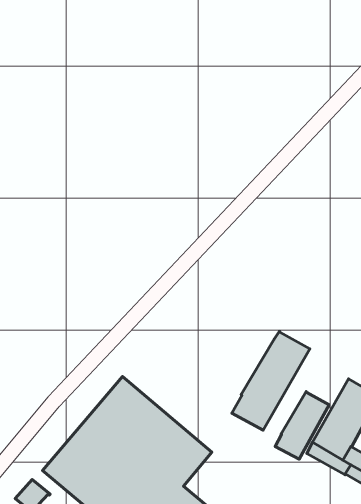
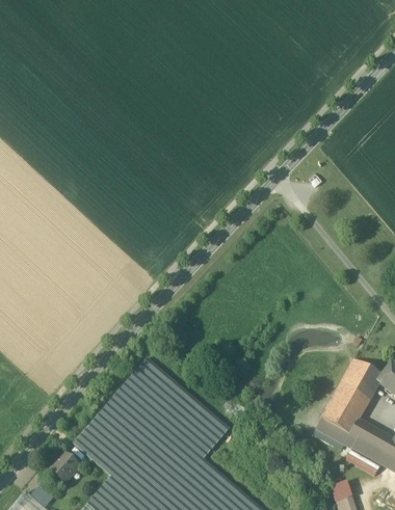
building: [232,331,310,430] -> none
building: [275,392,329,459] -> none

